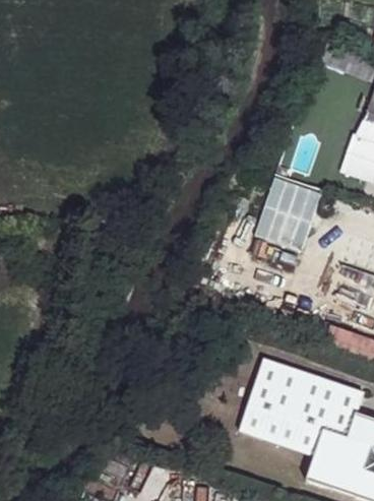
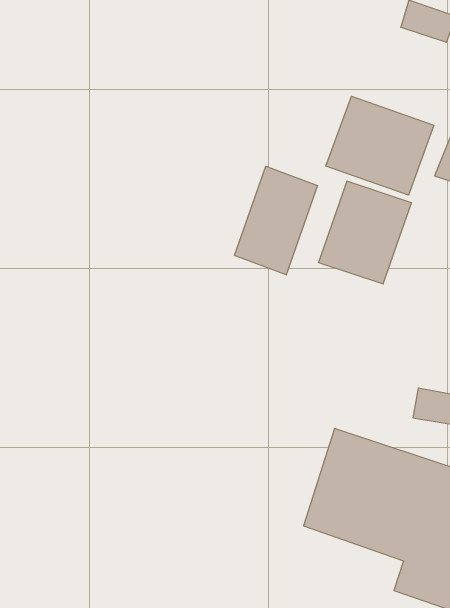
building: none -> [326,96,434,195]
building: none -> [235,166,318,275]

